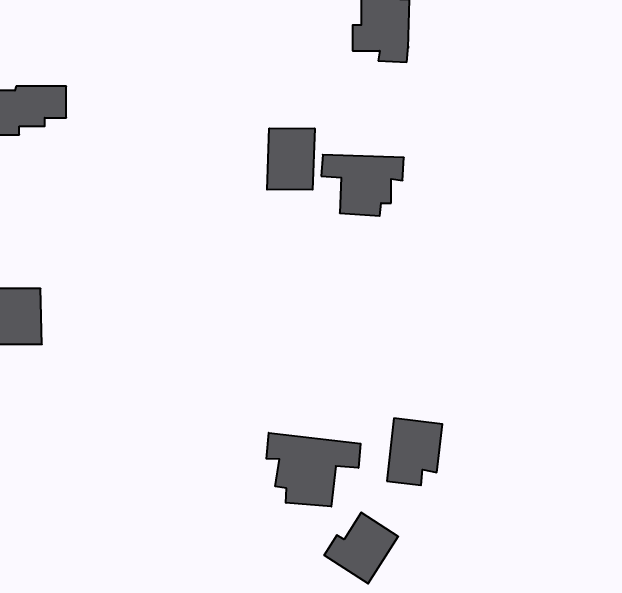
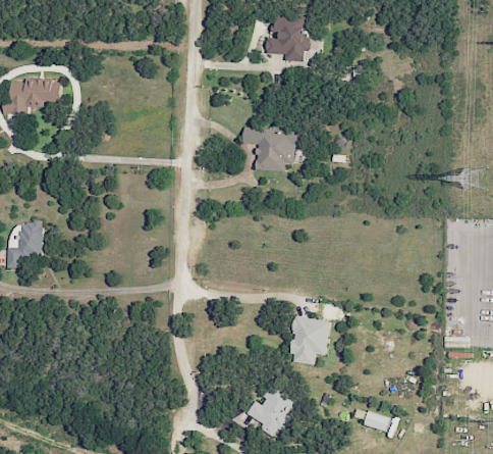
building: [267,128,315,190] -> none
building: [266,433,361,507] -> none
building: none -> [363,410,390,432]

